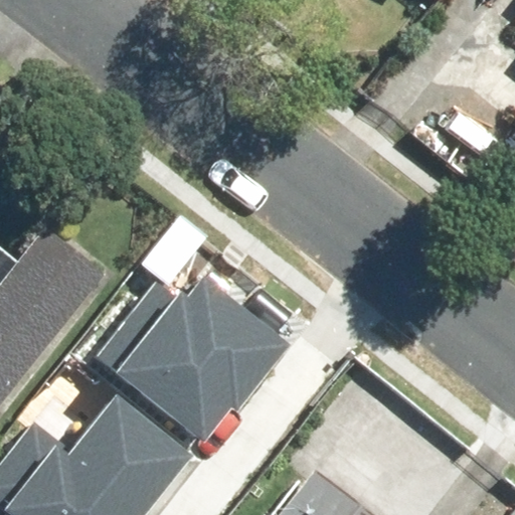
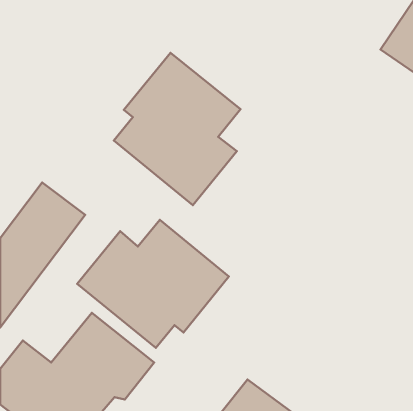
building: none -> [114,53,241,205]

